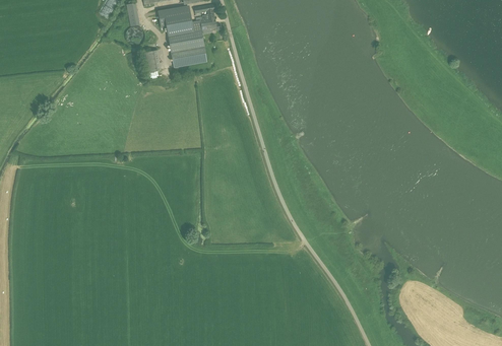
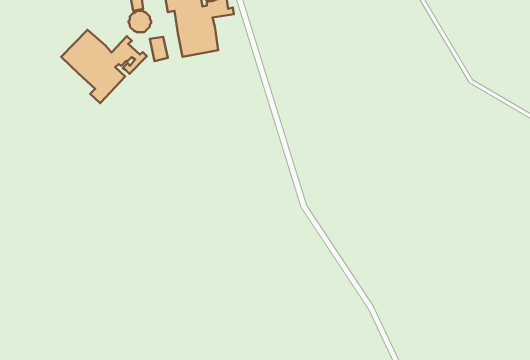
building: none -> [61,30,147,103]

